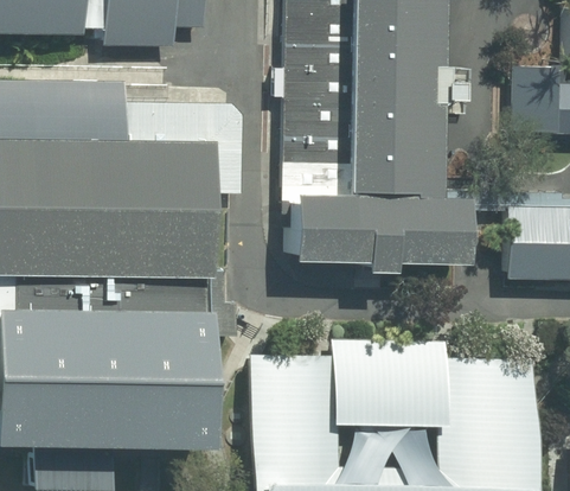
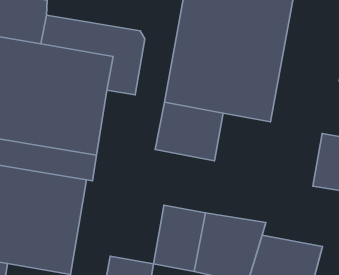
building: [369,199,457,267] -> none
building: [248,350,309,419] -> none

